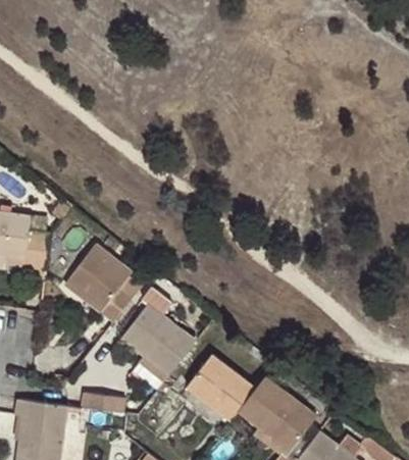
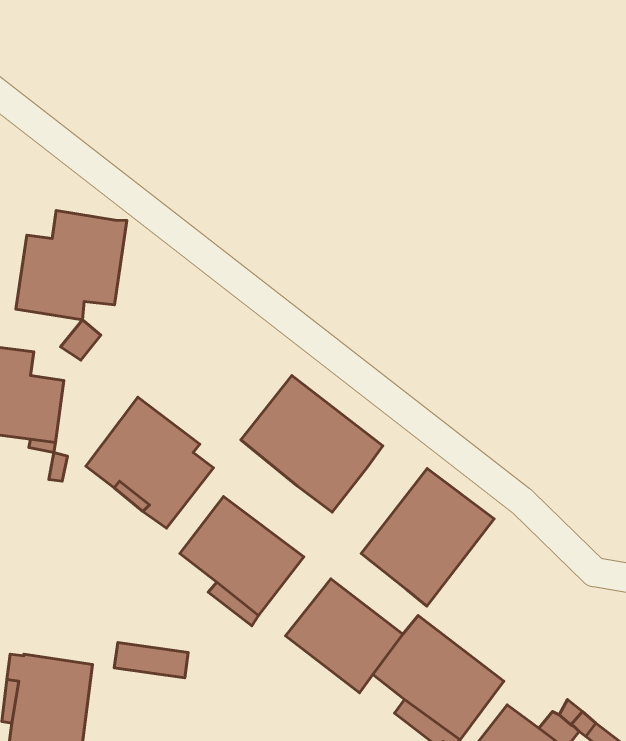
building: none -> [16,210,127,320]
building: none -> [241,375,383,512]
building: none -> [361,468,494,606]

